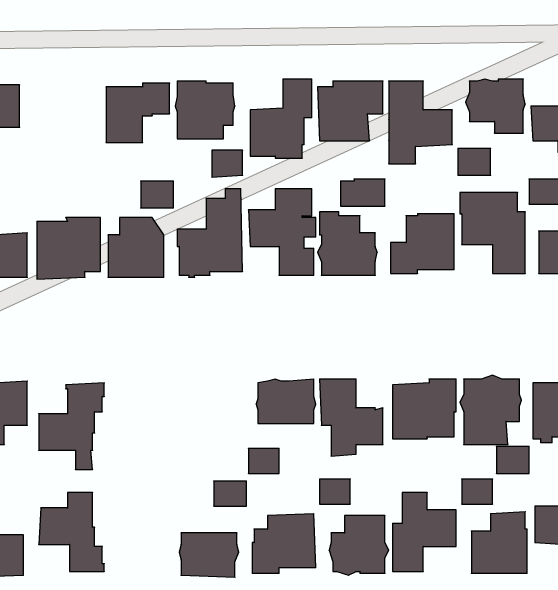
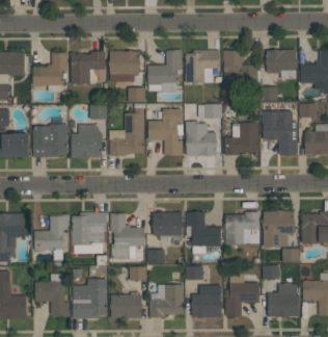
building: none -> [33,51,66,92]
building: none -> [71,211,107,254]
building: none -> [111,212,145,259]
building: none -> [73,279,107,318]

